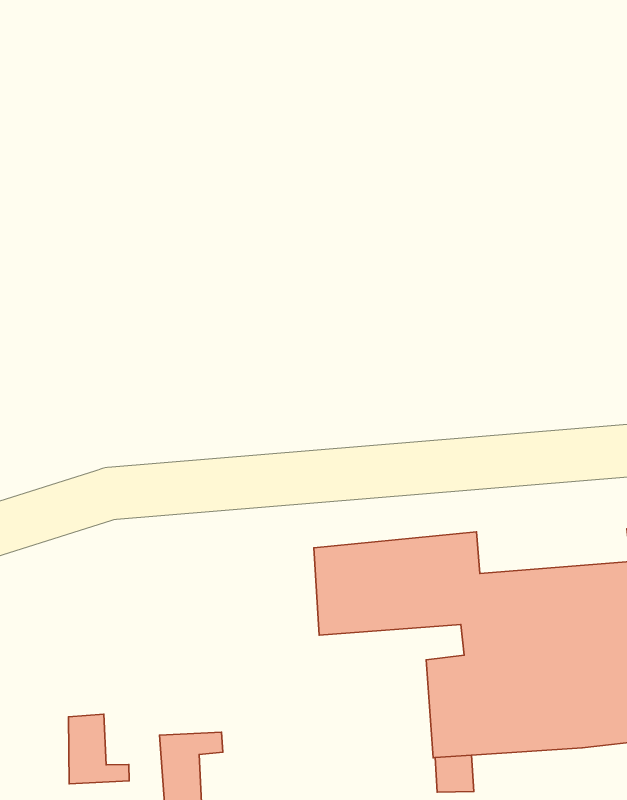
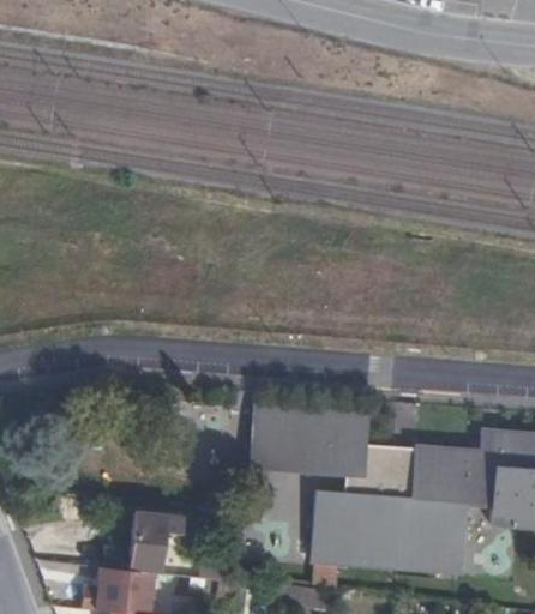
building: [68,714,129,784] -> none

